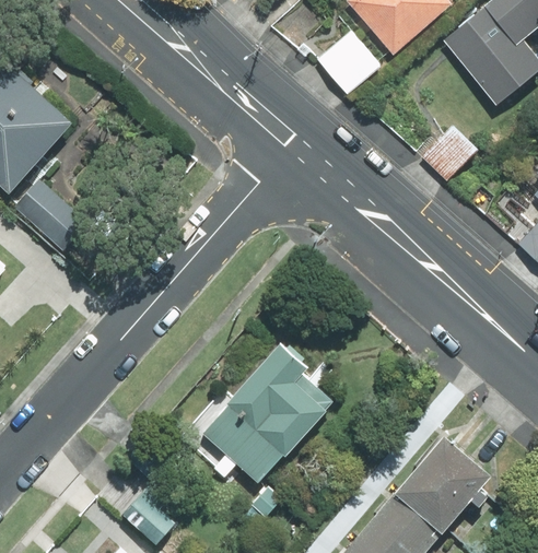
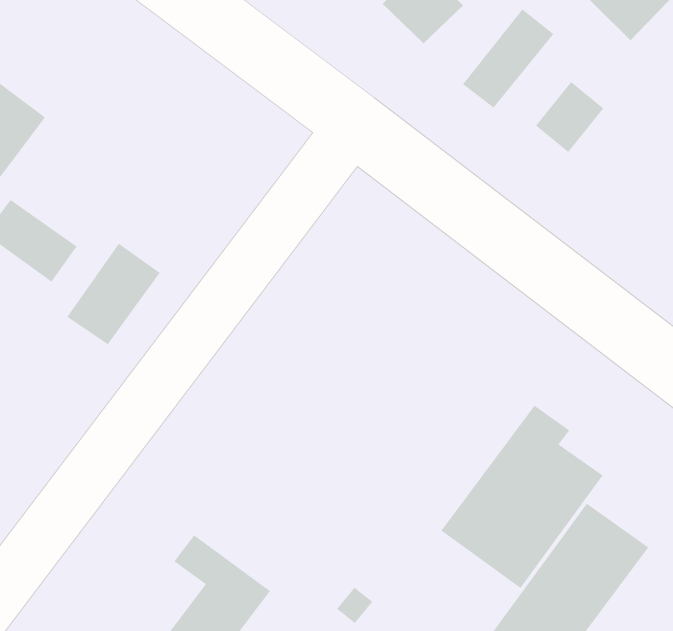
building: none -> [462,9,554,108]
building: none -> [67,243,160,345]
building: [204,344,327,479] -> [440,405,603,589]

